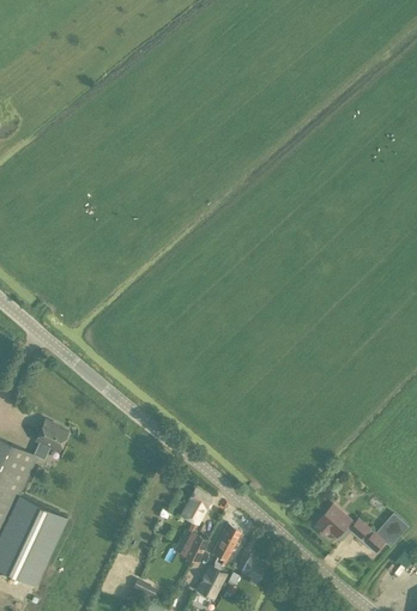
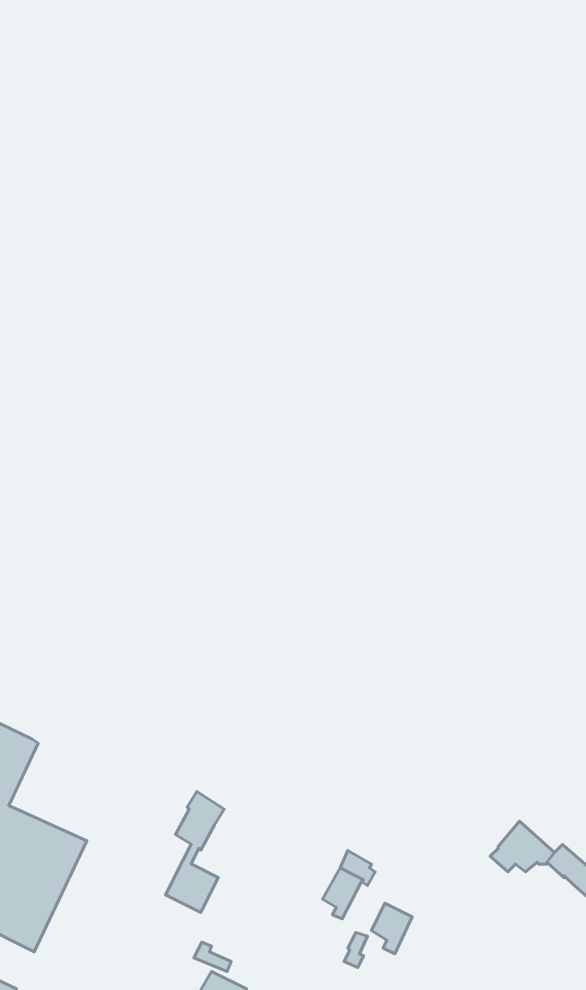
building: [32,421,66,460] -> none
building: [175,489,211,563] -> [166,792,224,913]
building: [195,565,225,599] -> none

